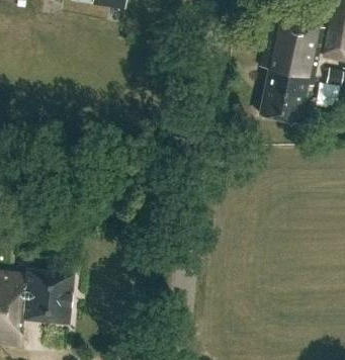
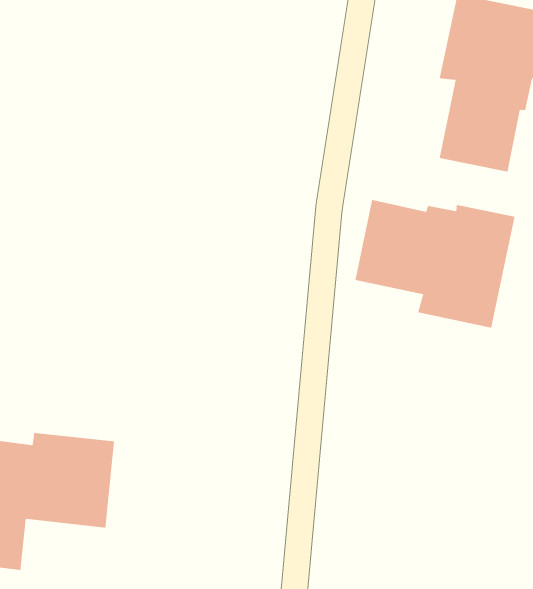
building: none -> [355,199,515,328]

